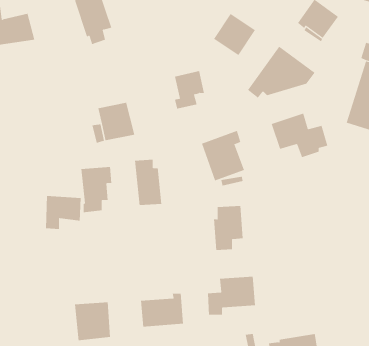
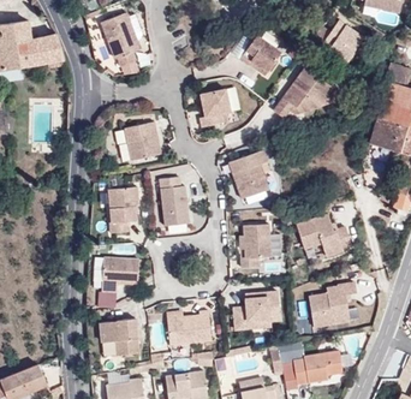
building: [271,113,328,158] -> [296,214,352,258]
building: [45,195,82,230] -> [102,256,138,290]
building: none -> [306,282,356,327]

